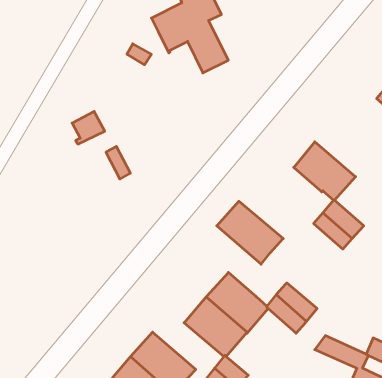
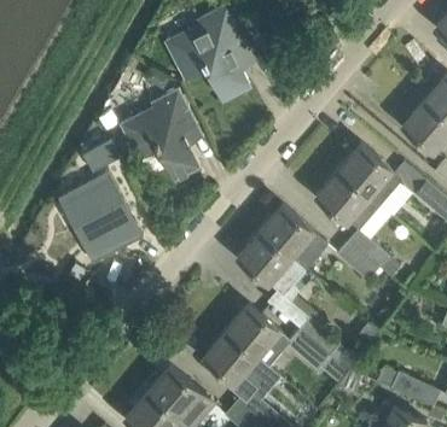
building: none -> [120,89,201,180]
building: none -> [338,144,402,206]
building: none -> [66,170,144,263]
building: none -> [260,205,329,270]

